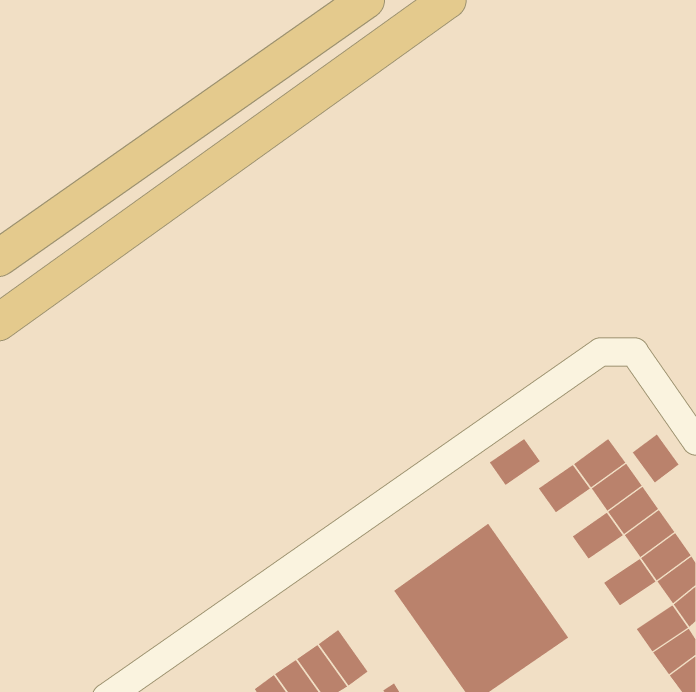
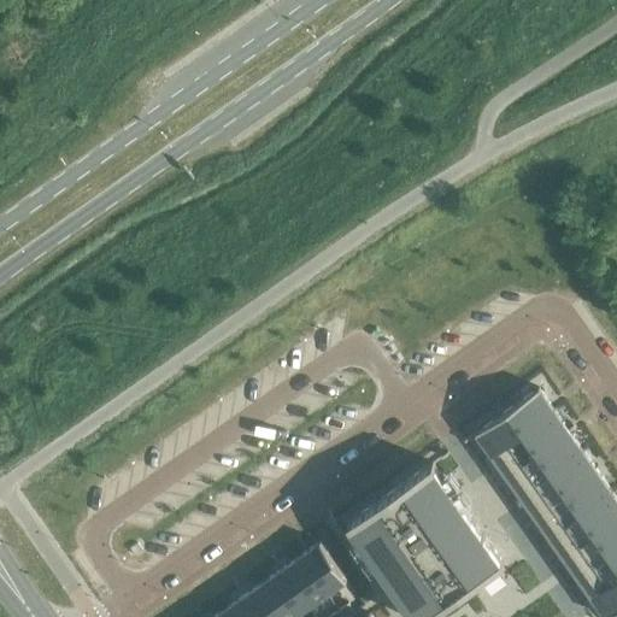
building: [632,434,680,484] -> none
building: [489,438,541,486] -> [490,436,536,478]
building: none -> [519,477,565,519]
building: none -> [547,518,594,560]
building: none -> [299,546,346,598]

